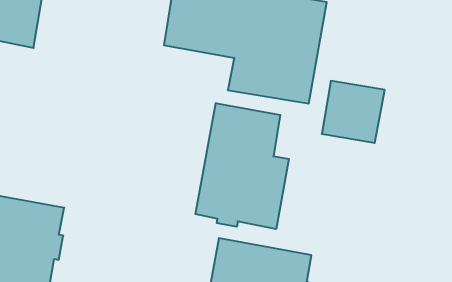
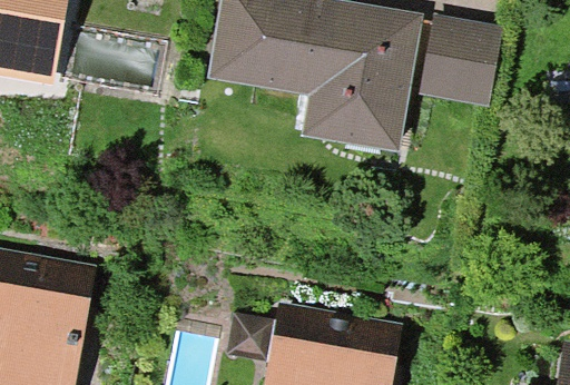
building: [322,81,385,143] -> [420,24,498,101]
building: [195,103,289,229] -> none

